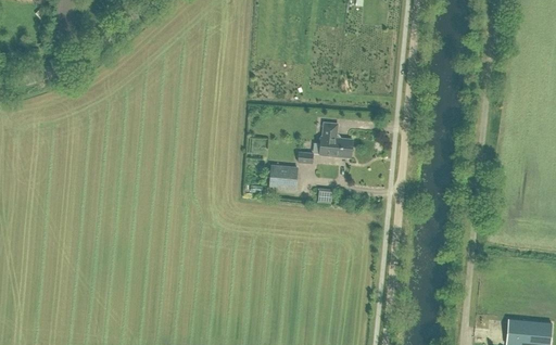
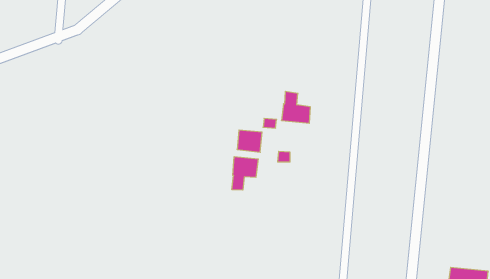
building: none -> [232,157,258,190]

